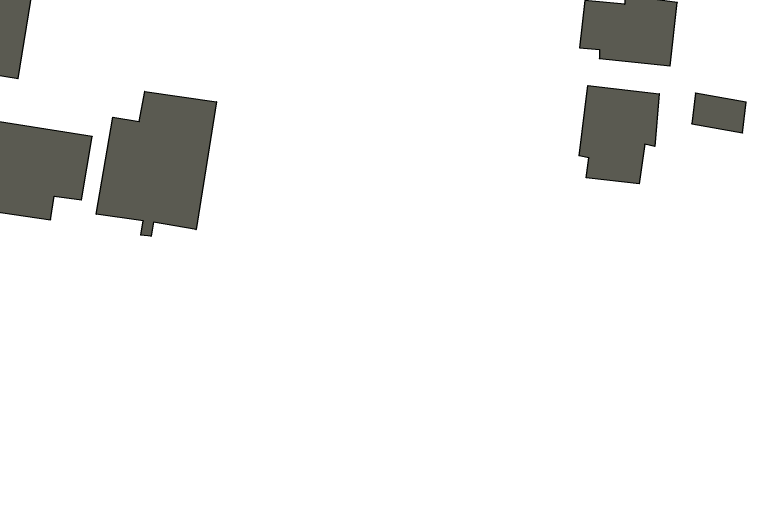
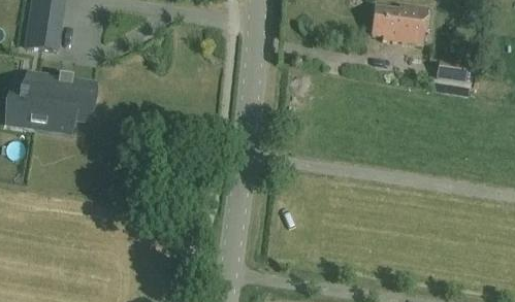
building: [579,86,659,184] -> none
building: [96,91,216,236] -> none

